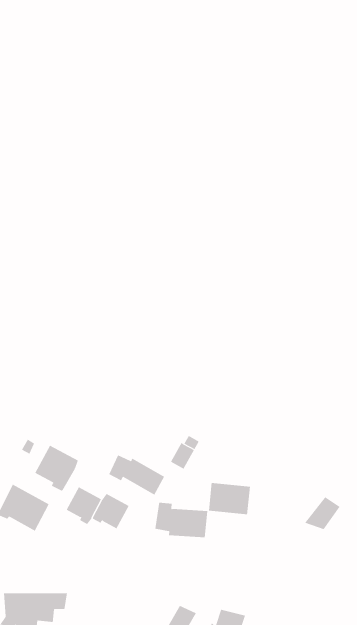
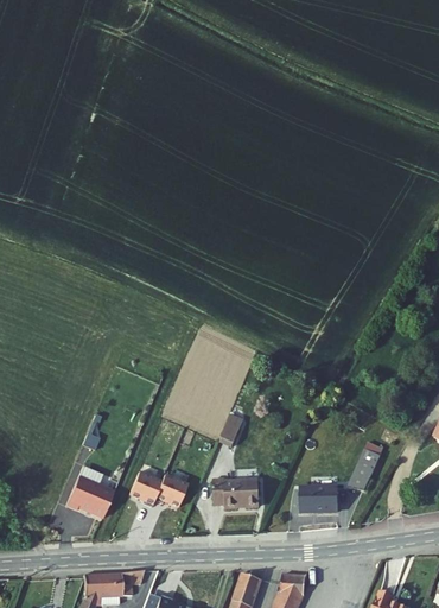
building: [35,445,79,492] -> none
building: [109,455,165,496] -> none
building: [208,483,251,515] -> [305,483,342,509]

